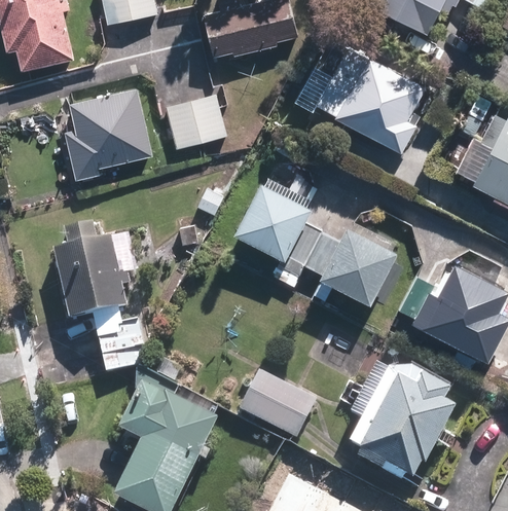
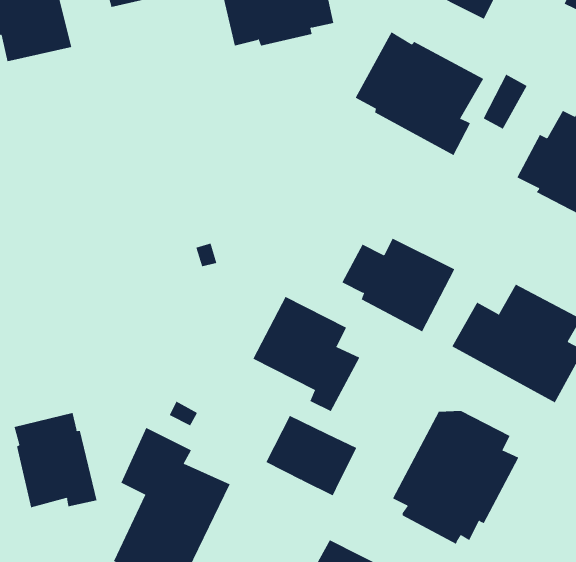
building: [64,87,153,180] -> none
building: [168,95,229,150] -> none
building: [230,175,322,273] -> [253,296,360,412]
building: [52,225,146,375] -> none
building: none -> [14,412,97,508]

